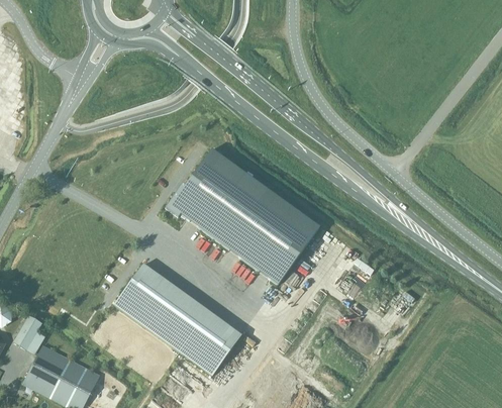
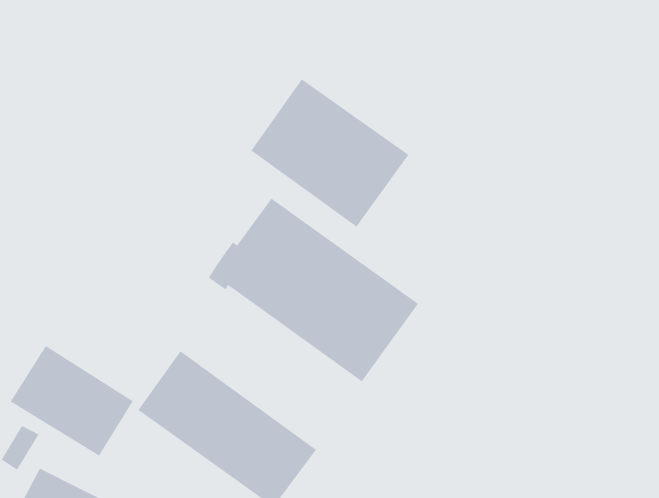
building: none -> [251,78,409,228]
building: none -> [10,345,133,457]

